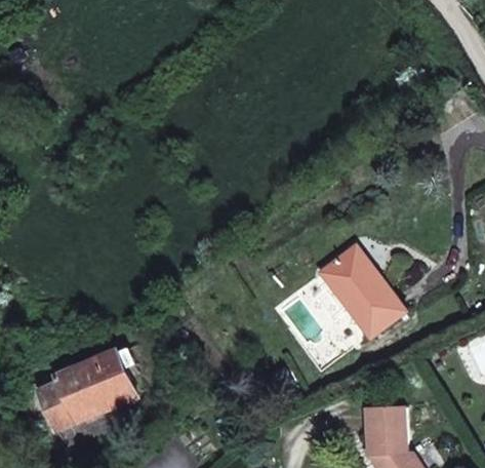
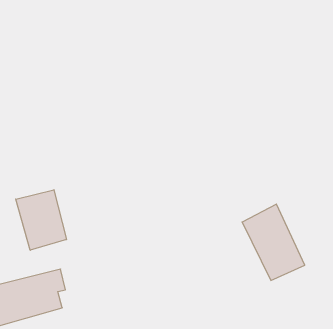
building: none -> [16,190,66,250]

